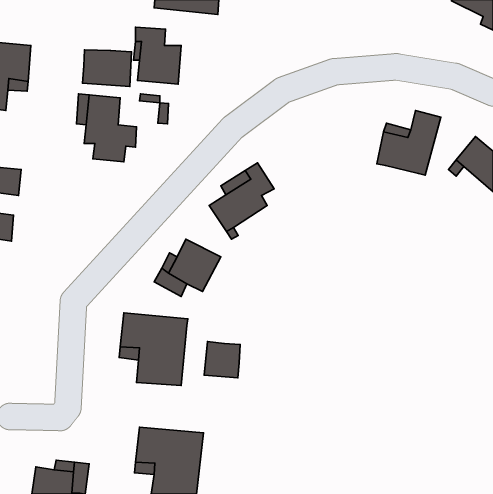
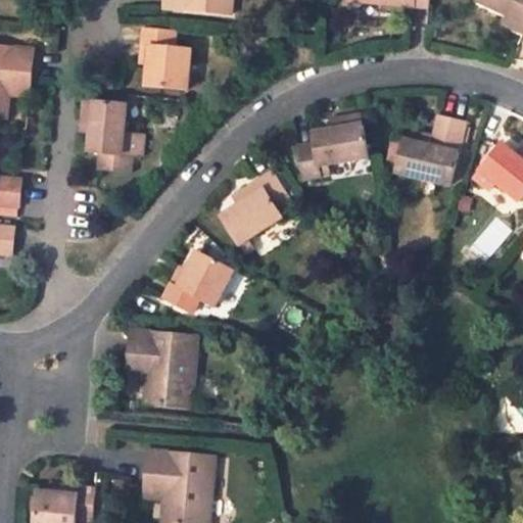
building: [82,50,132,86] -> none
building: none -> [297,113,367,180]
building: [204,342,240,378] -> none

